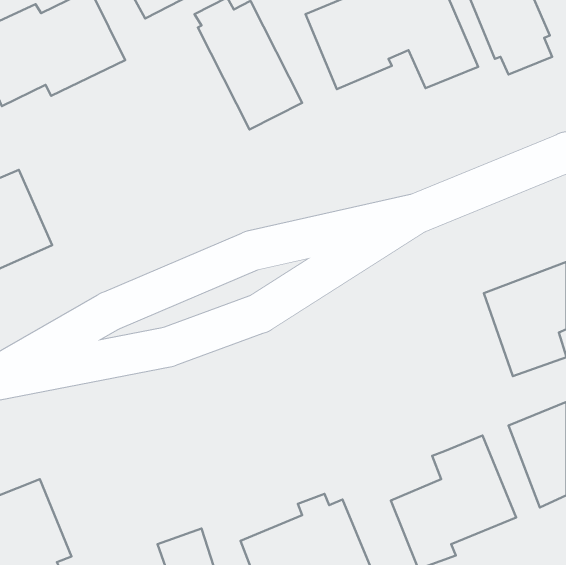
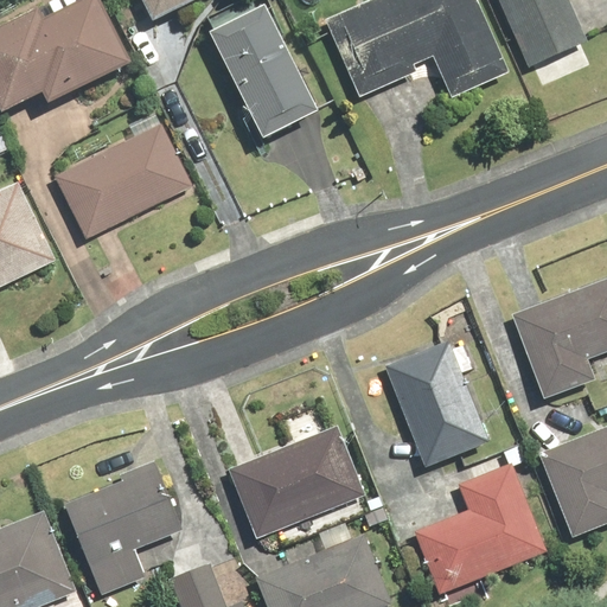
building: none -> [52,122,192,241]
building: none -> [383,339,487,468]
building: none -> [228,427,363,547]
building: none -> [68,461,181,595]

